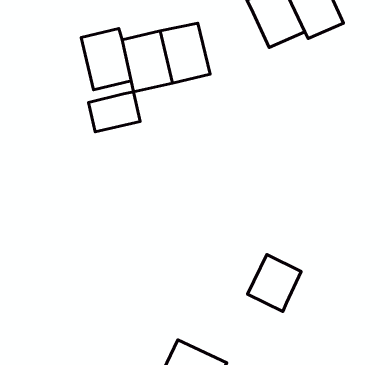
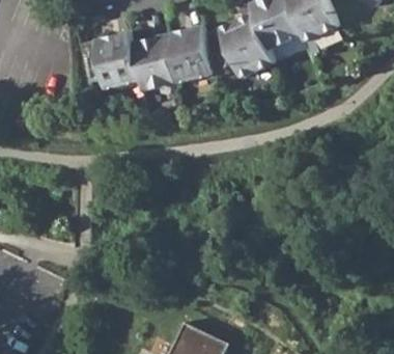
building: none -> [219,11,275,76]
building: [88,92,140,132] -> none
building: [247,255,301,311] -> none

